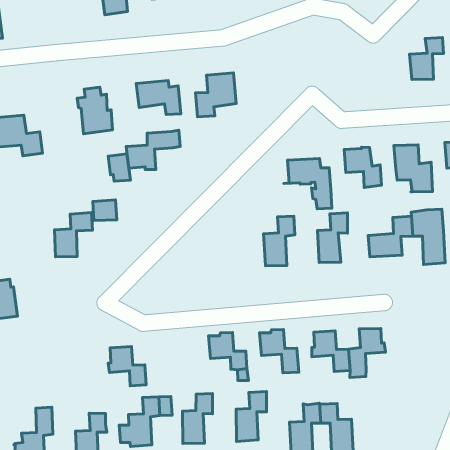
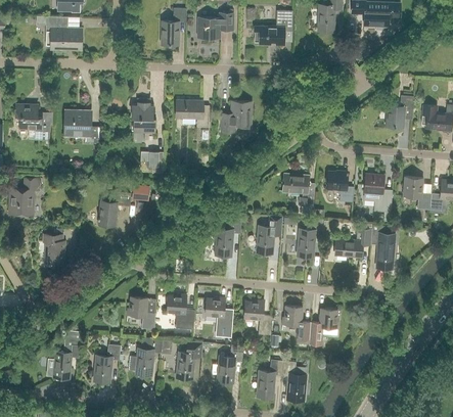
building: [126,130,180,170] -> none
building: none -> [215,219,240,256]
building: none -> [166,294,194,328]

